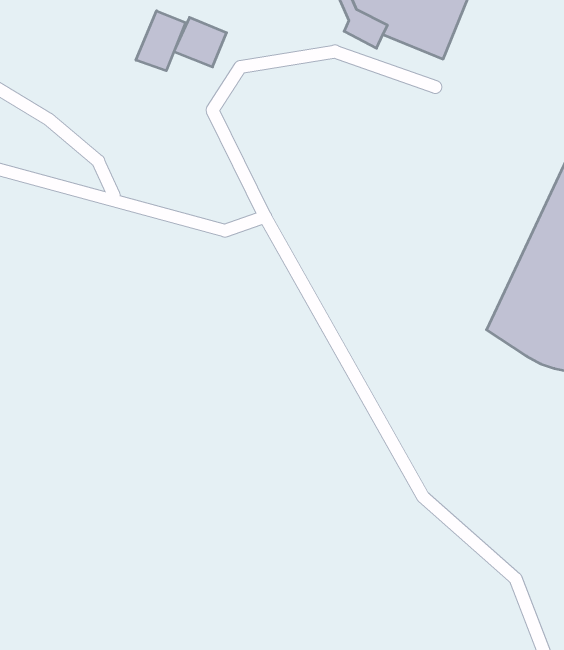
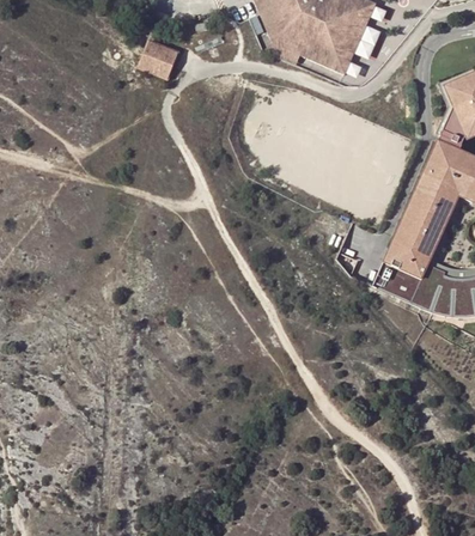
building: [136,11,186,71] -> none

